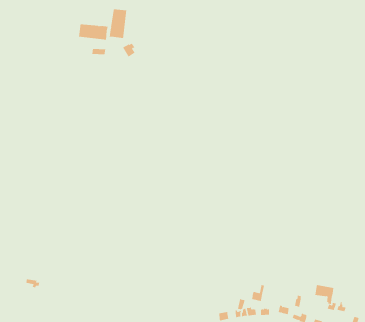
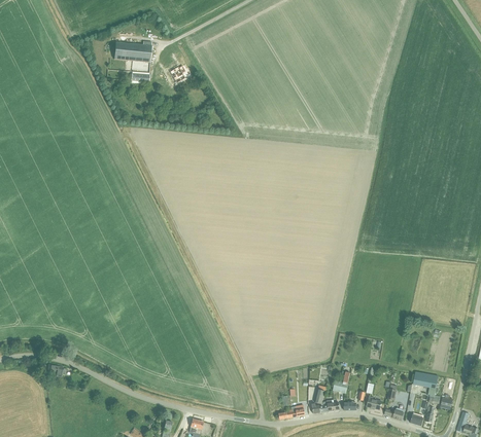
building: [109,9,127,39] -> none

